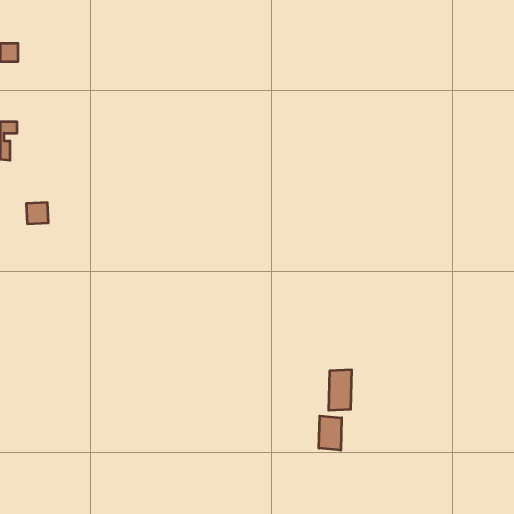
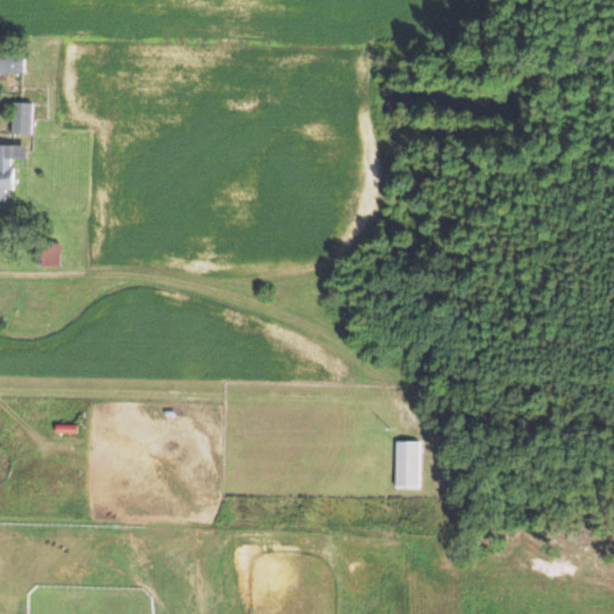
building: none -> [10,103,32,136]
building: [319,416,342,450] -> none

